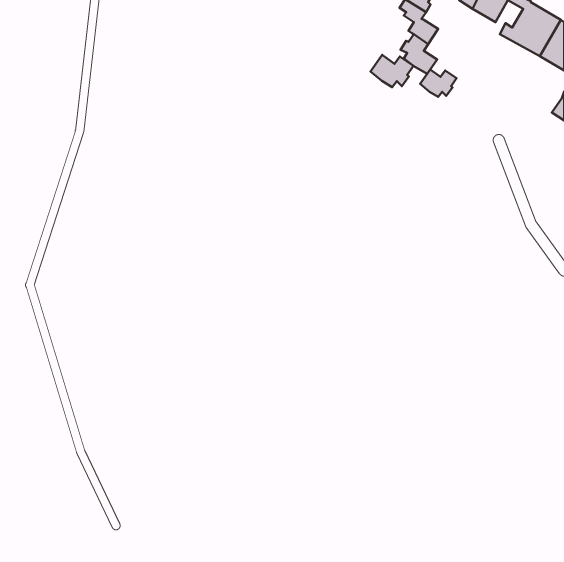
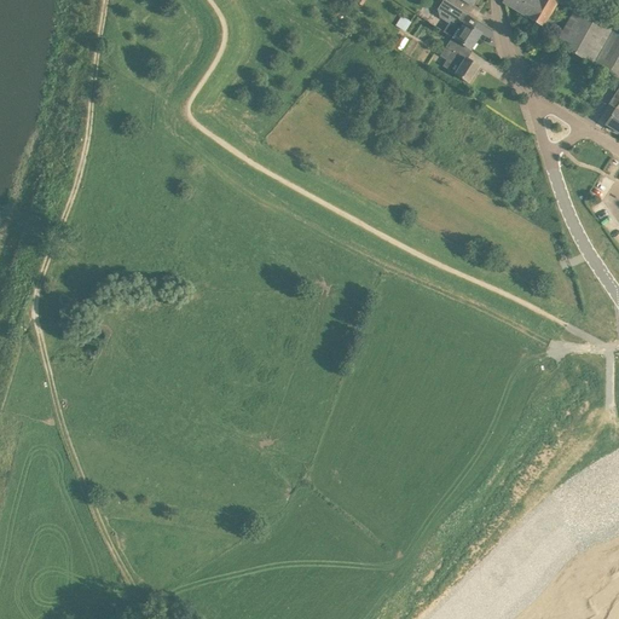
building: [371,55,413,87] -> none
building: [420,70,456,97] -> none

